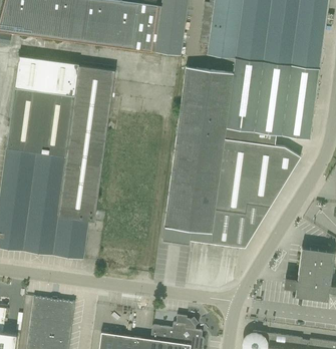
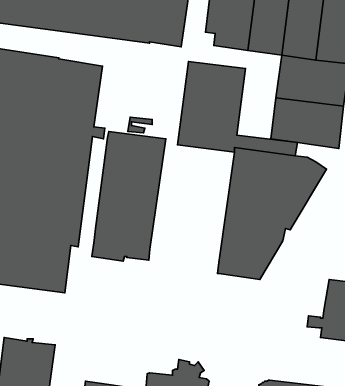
building: [226,58,263,131] -> none
building: [162,136,224,244] -> [92,132,166,261]

